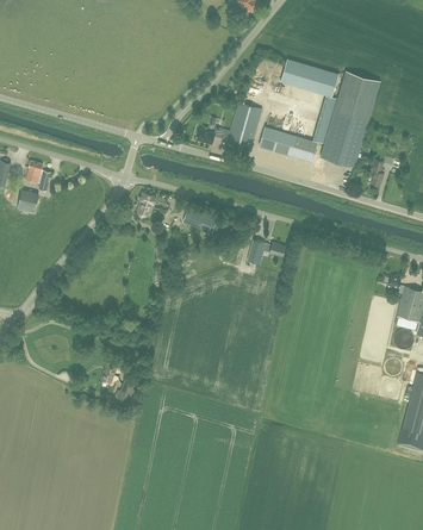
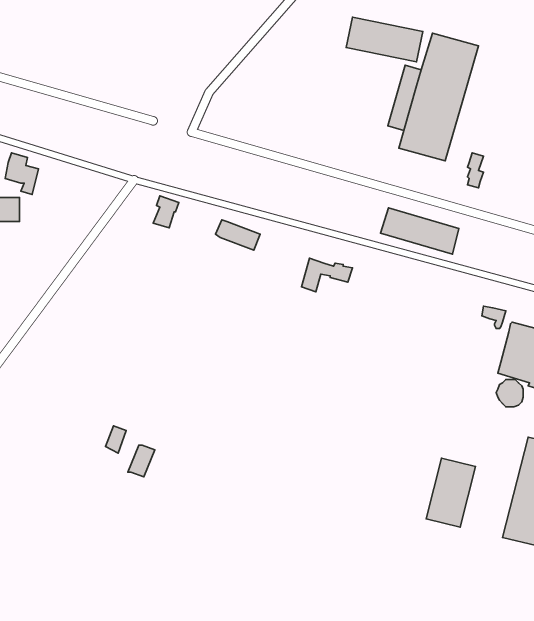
building: [195,101,261,146] -> none
building: [257,126,316,161] -> [381,208,459,254]
building: none -> [426,458,476,527]

